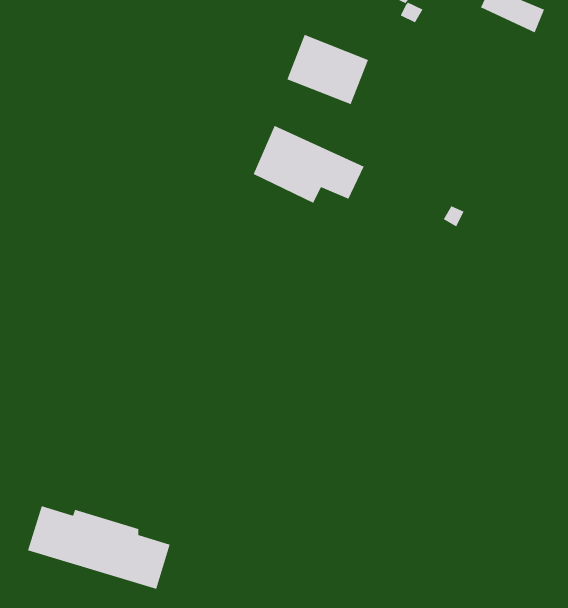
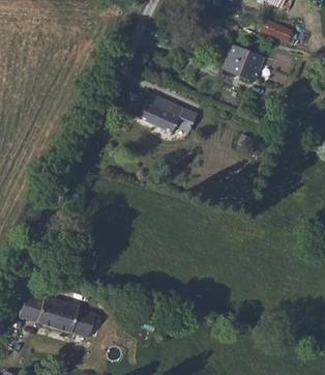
building: [287,34,369,105] -> [221,45,265,82]

